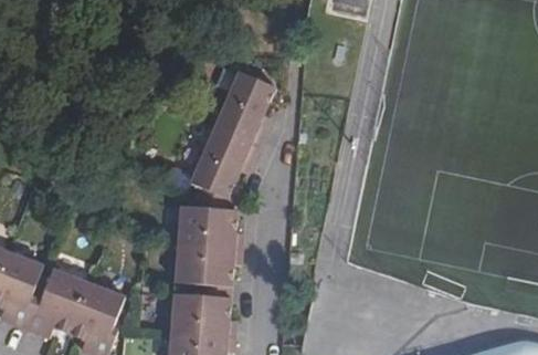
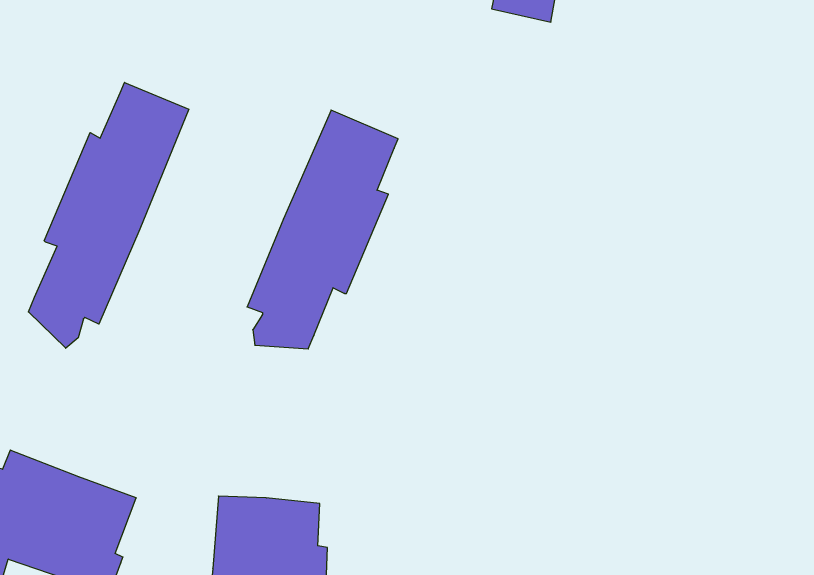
building: none -> [28,82,189,348]
building: [172,205,242,296] -> none

